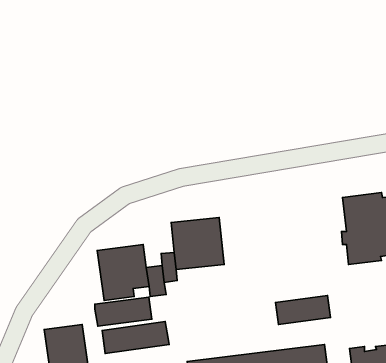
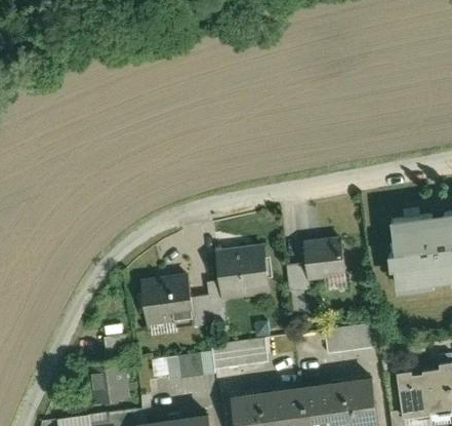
building: none -> [285,236,344,295]
building: [95,297,152,326] -> [209,340,268,370]

